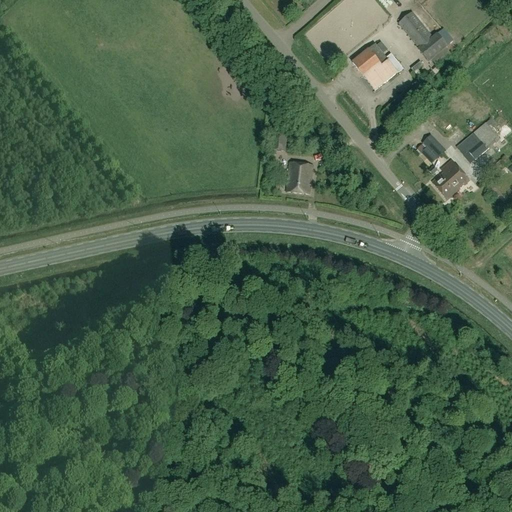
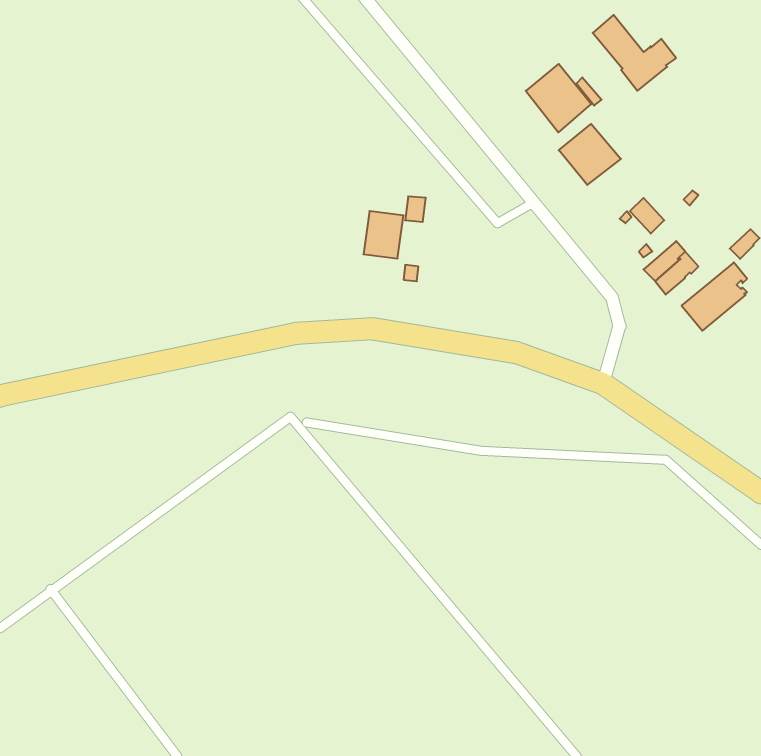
building: none -> [559,124,621,185]
building: [457,116,501,162] -> [682,262,747,331]
building: [286,161,313,193] -> [363,211,404,259]

